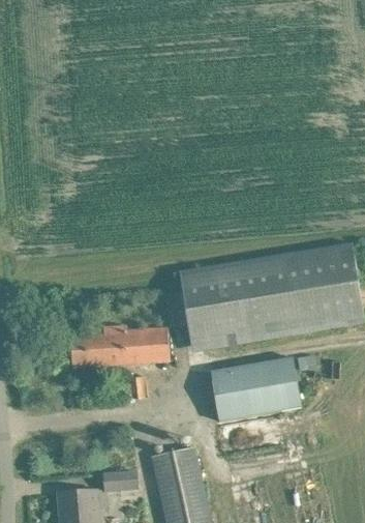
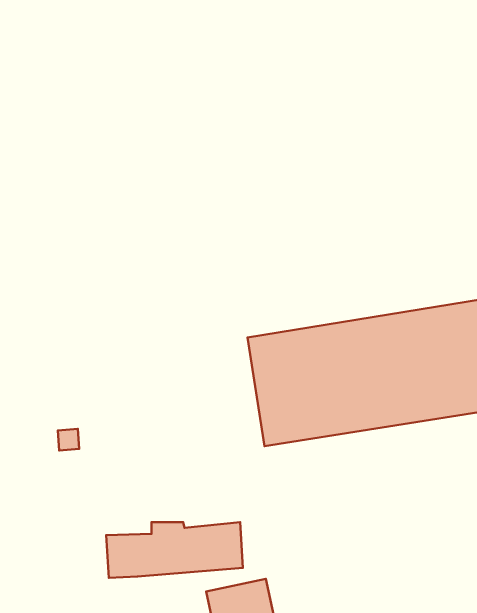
building: [70,327,170,368] -> [106,522,243,578]
building: [210,356,301,422] -> none

